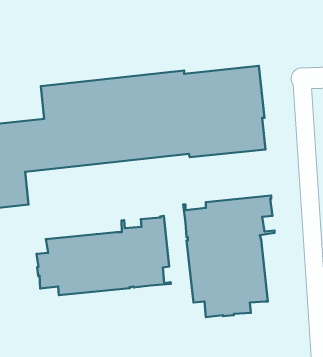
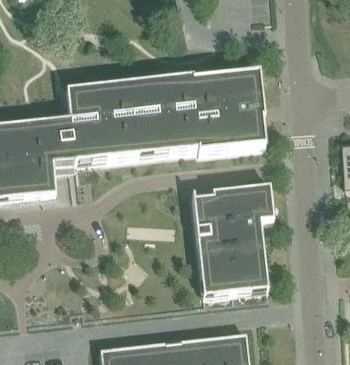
building: [36,216,171,295] -> none

